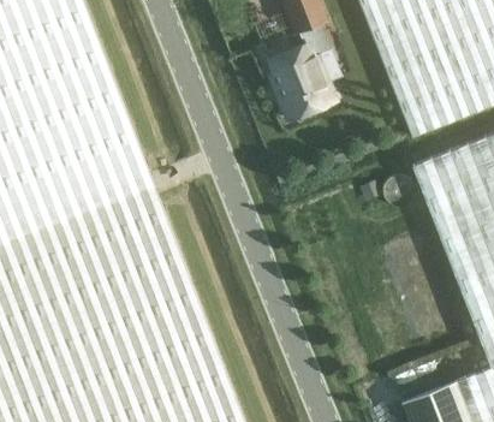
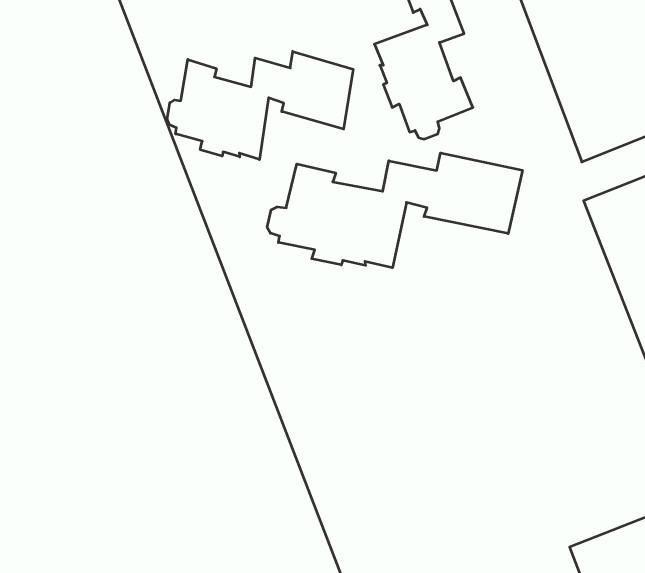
building: none -> [167,51,353,160]
building: none -> [267,153,522,268]

